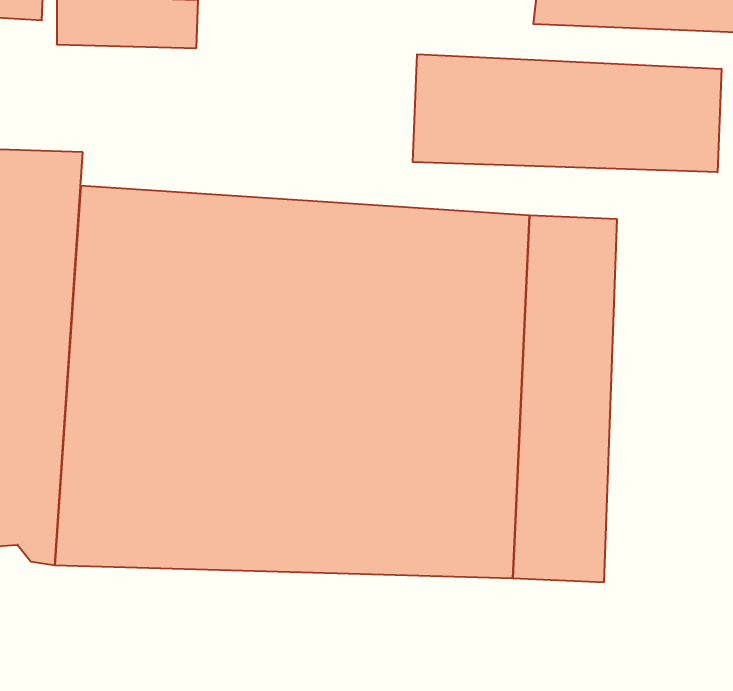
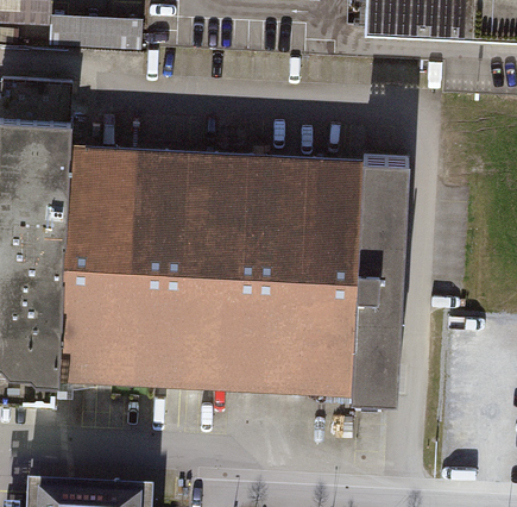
building: [413,54,721,172] -> none

